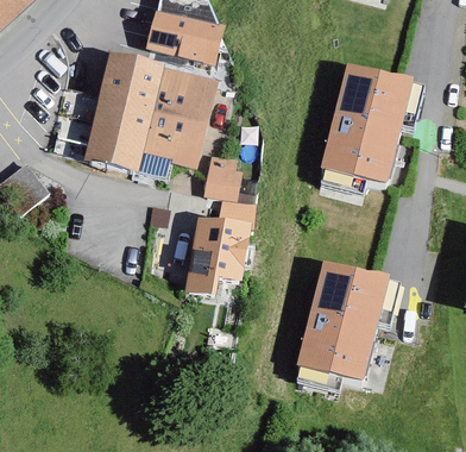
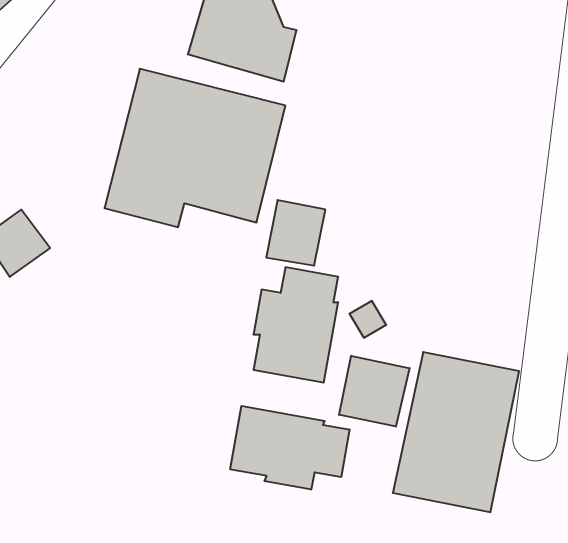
building: [320,64,416,187] -> none
building: none -> [339,356,410,427]
building: none -> [230,406,350,490]

